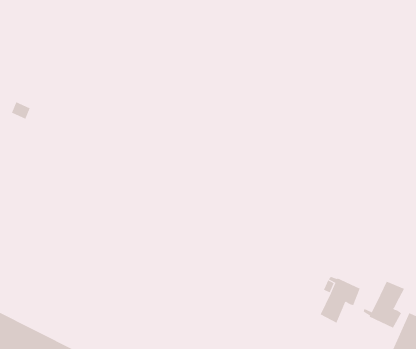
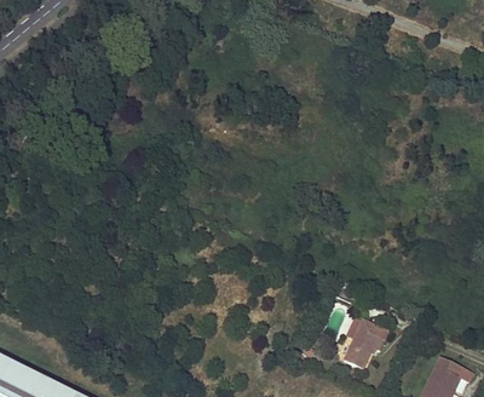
building: [363,281,405,329] -> none

